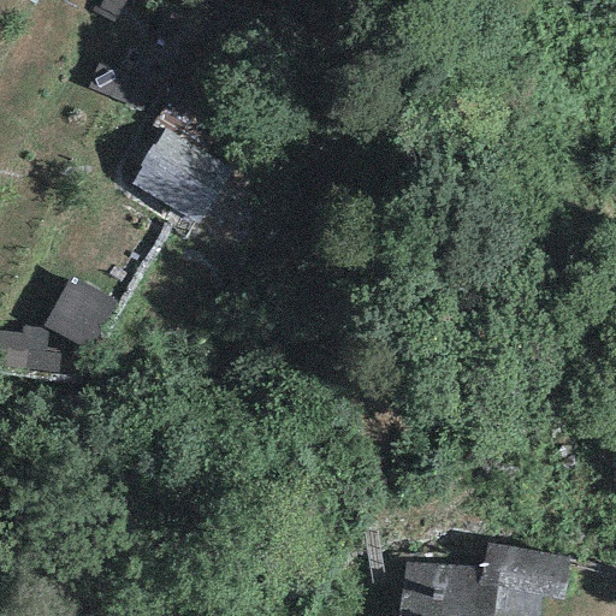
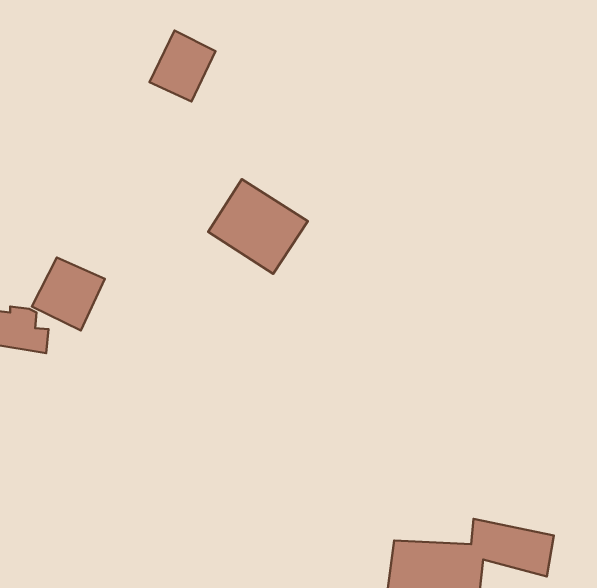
building: [132,131,232,226] -> [208,179,308,274]

